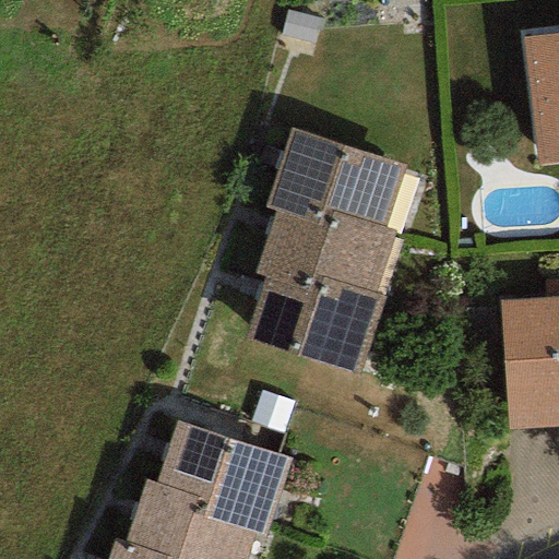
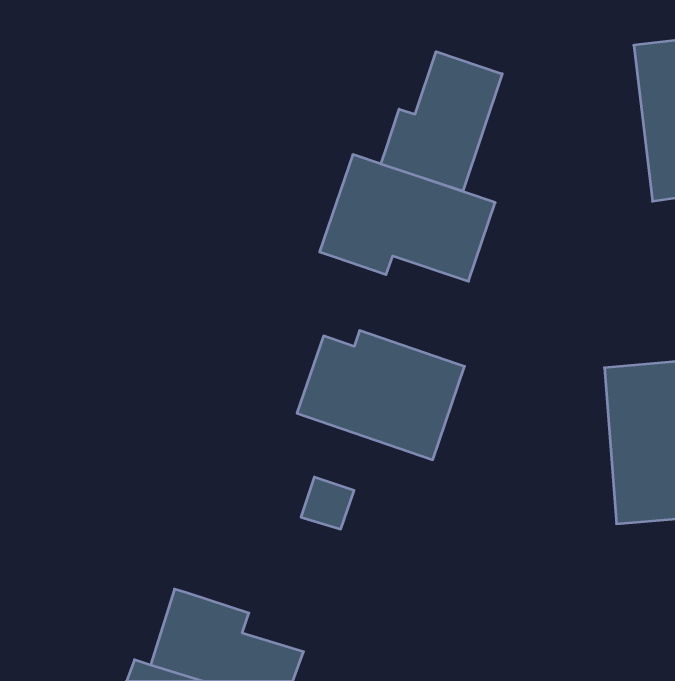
building: none -> [381,52,502,191]
building: [259,210,401,298] -> none
building: [158,423,290,538] -> none

